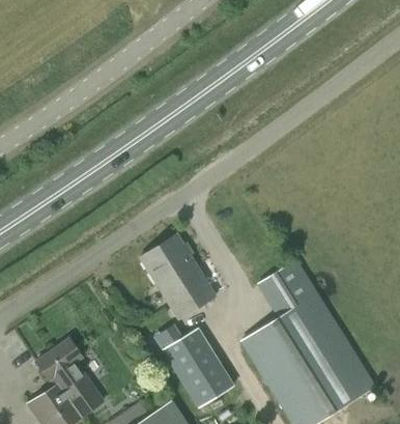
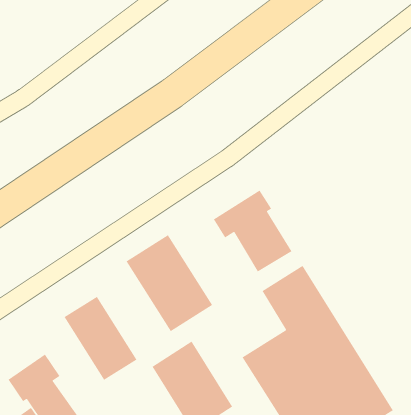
building: none -> [213,189,293,272]
building: none -> [63,296,137,381]

